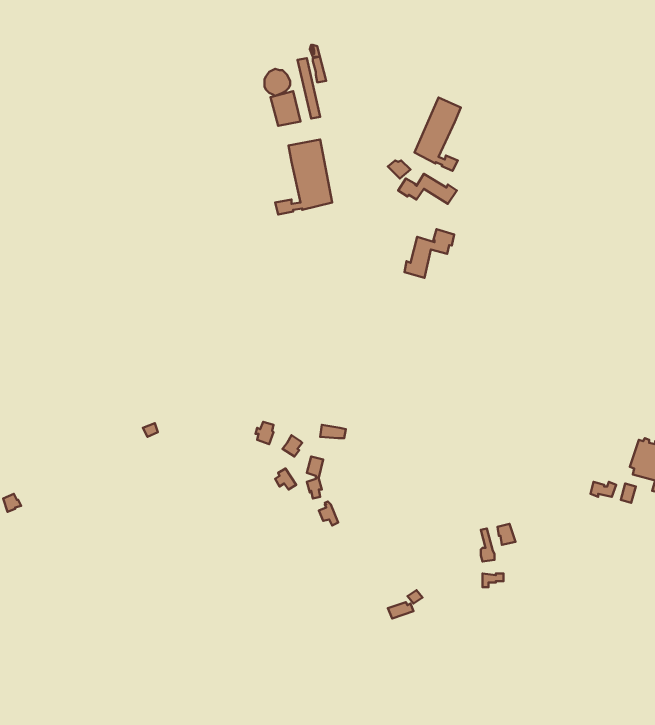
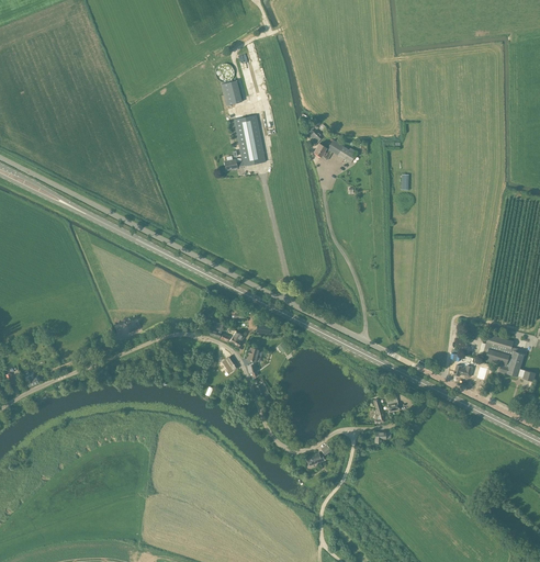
building: [414,98,461,171] -> none
building: [404,229,454,278] -> none

